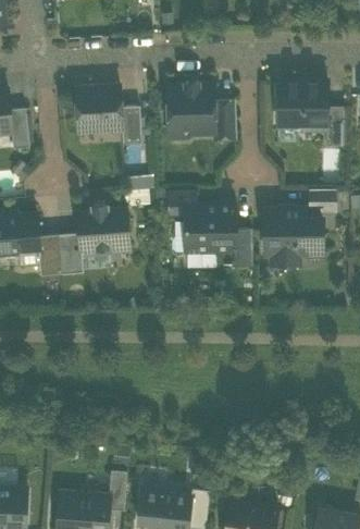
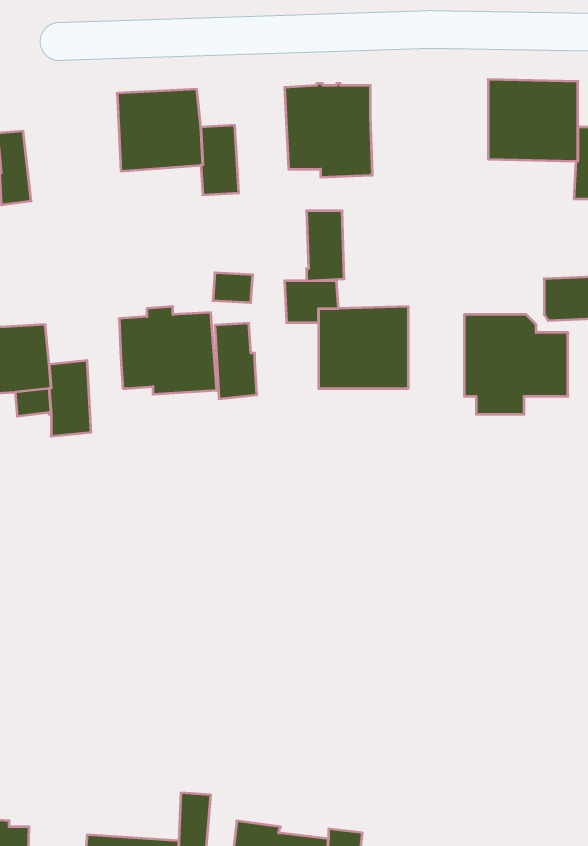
building: [213,103,234,142] -> [306,211,344,281]
building: [233,231,251,268] -> none
building: [59,235,82,276] -> [215,323,257,399]

